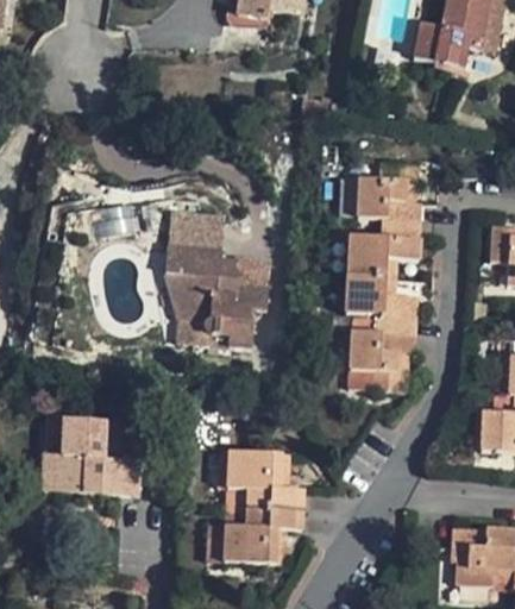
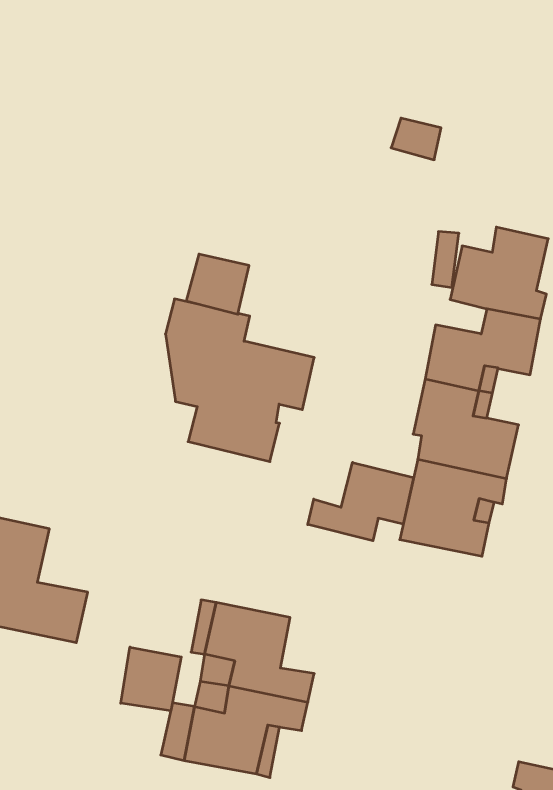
building: none -> [308,462,414,541]
building: none -> [121,647,181,711]

